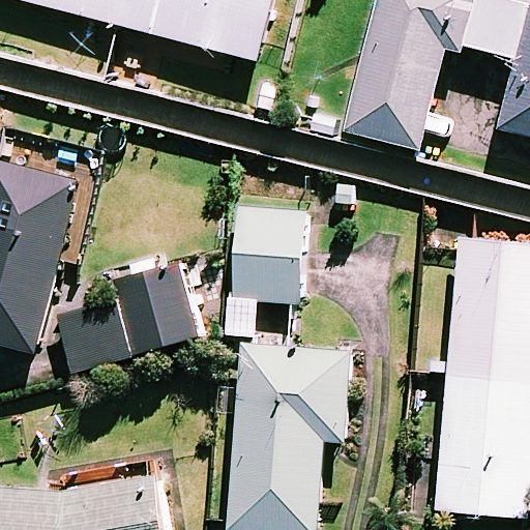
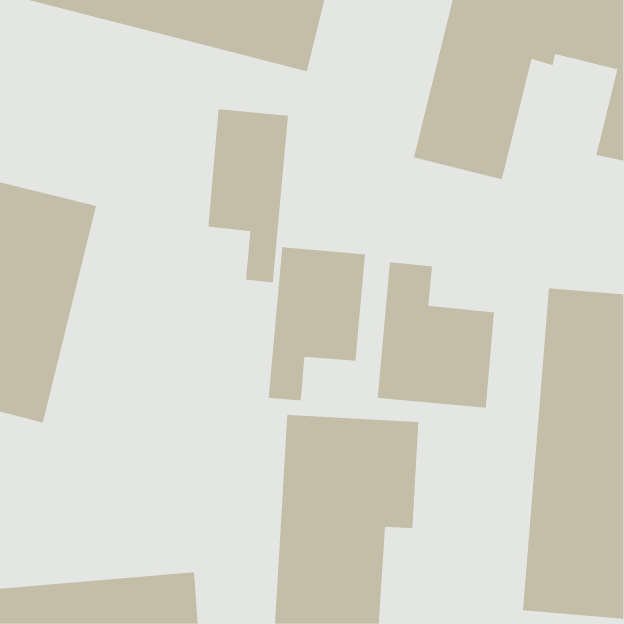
building: none -> [208,109,288,283]
building: none -> [377,261,494,409]
building: [54,263,198,371] -> none

